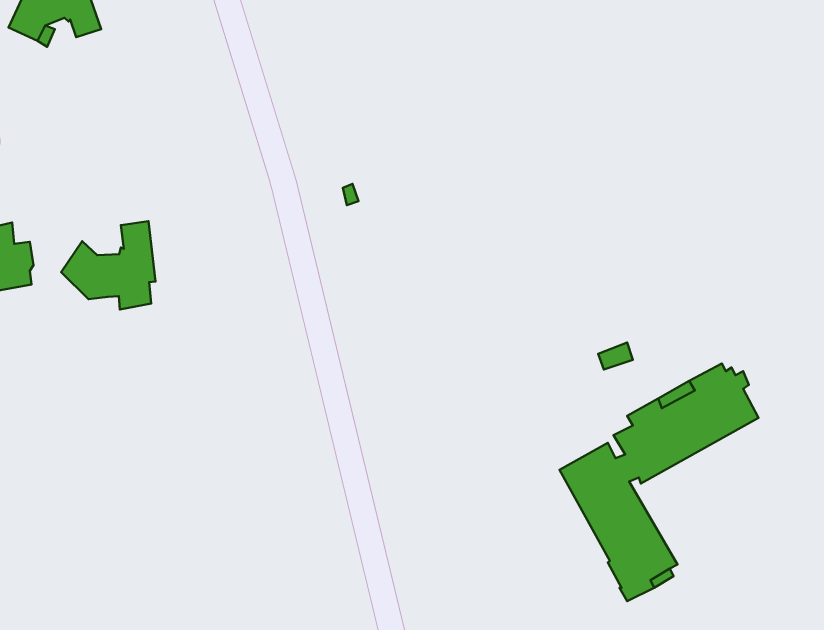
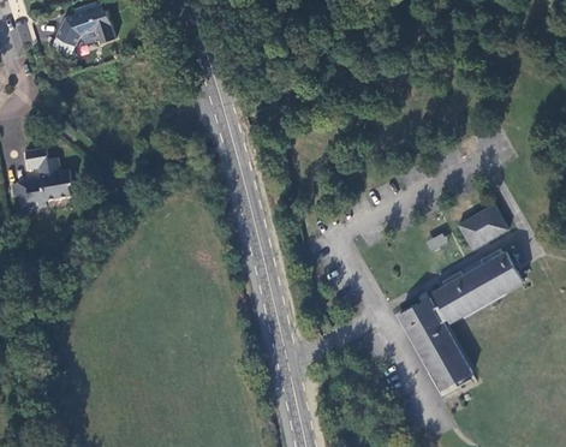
building: [61,221,156,310] -> none
building: none -> [457,203,507,250]

